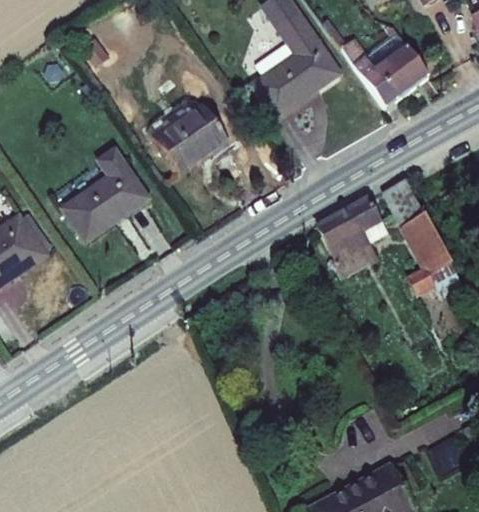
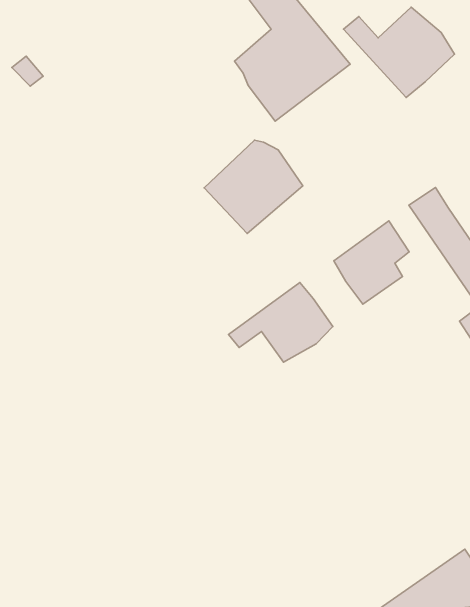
building: [149,99,227,172] -> [204,140,303,234]
building: [68,154,148,238] -> none
building: none -> [228,282,333,362]

